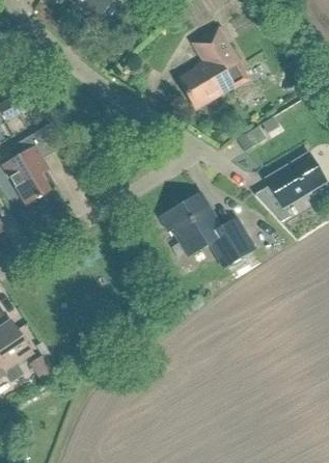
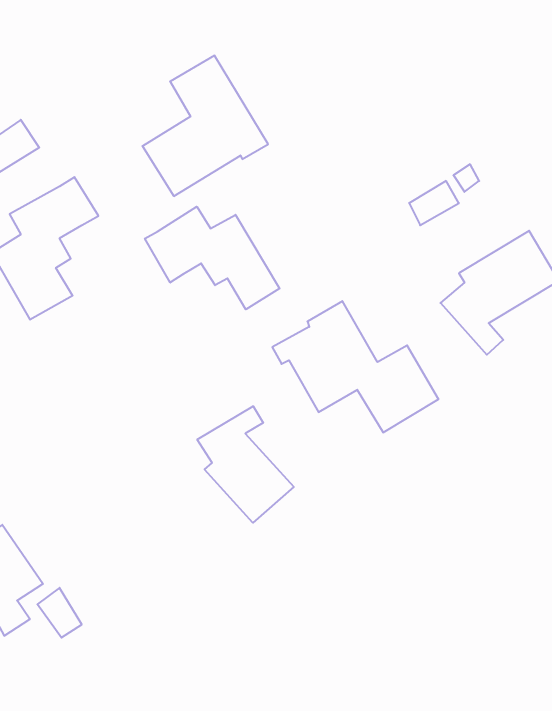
building: [177,28,248,107] -> [142,56,268,196]
building: none -> [145,207,280,309]
building: none -> [197,406,294,523]

